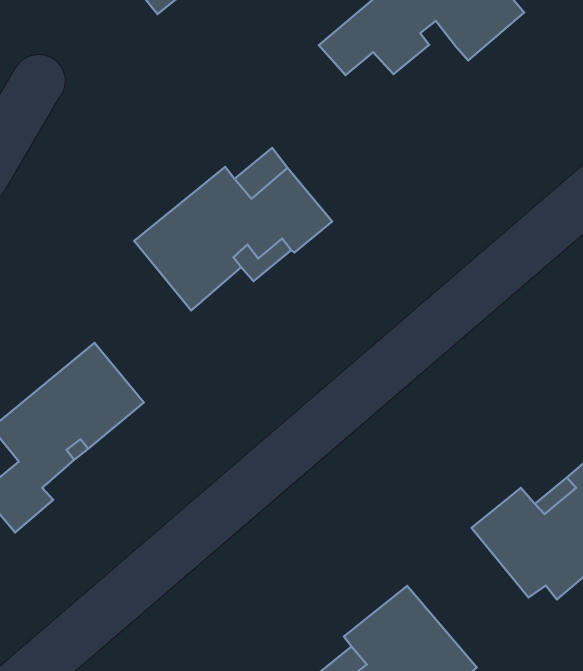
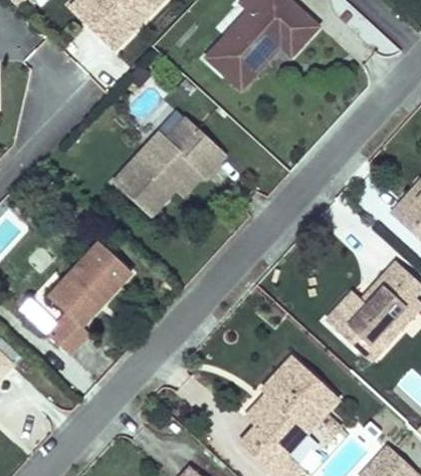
building: none -> [222,35,282,91]

